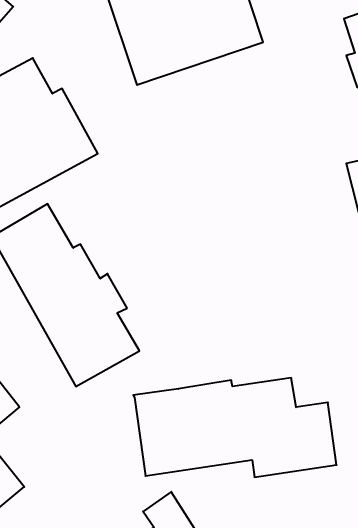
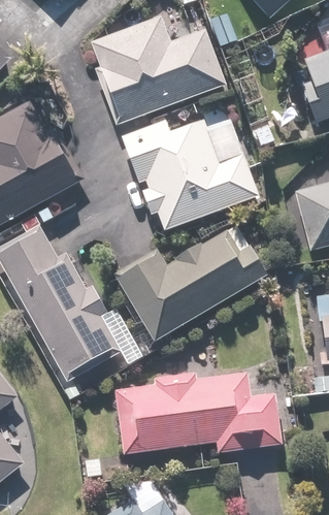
building: none -> [123,107,260,228]
building: none -> [113,224,267,342]

